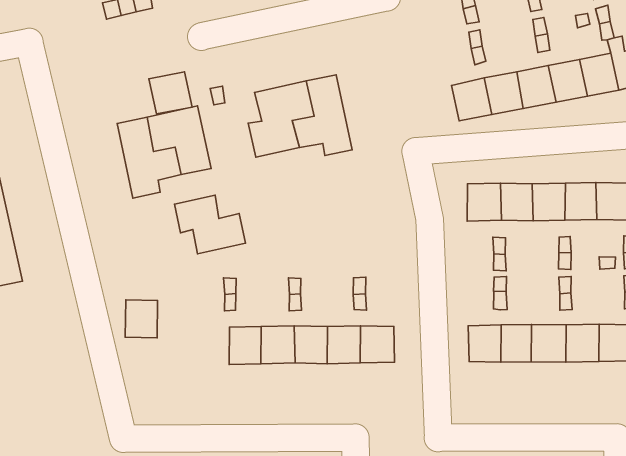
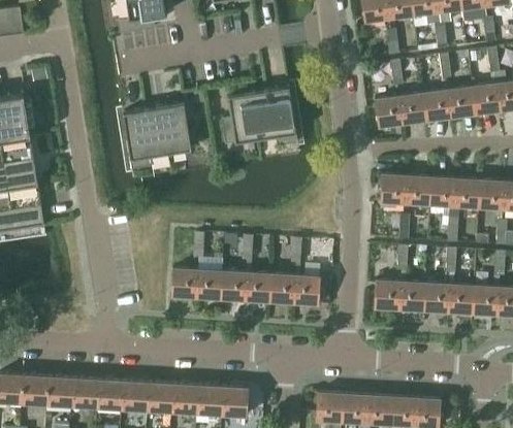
building: [149,72,192,114] -> none
building: [174,195,246,254] -> none
building: [125,300,157,338] -> [171,267,197,297]

